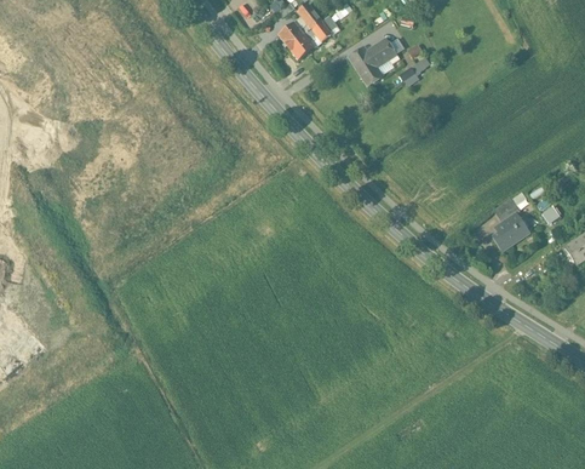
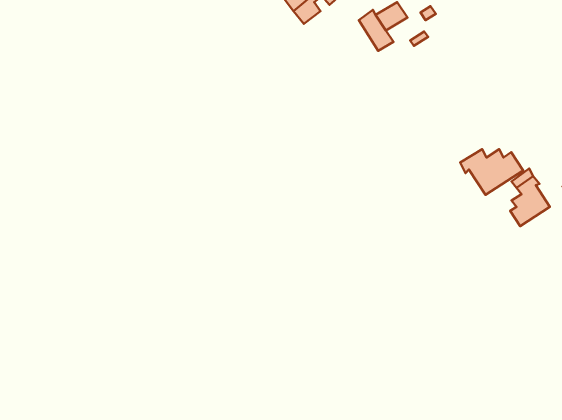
building: none -> [460,149,523,195]

